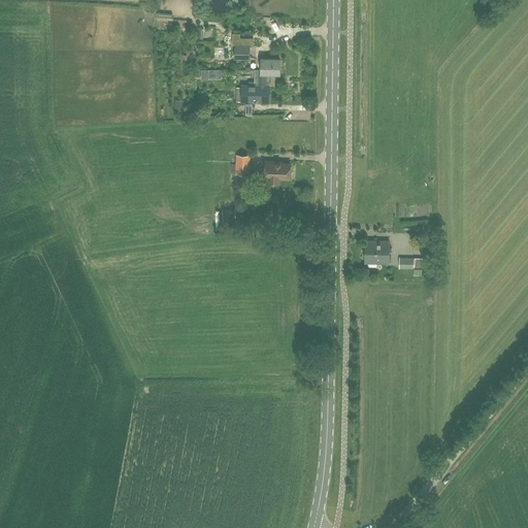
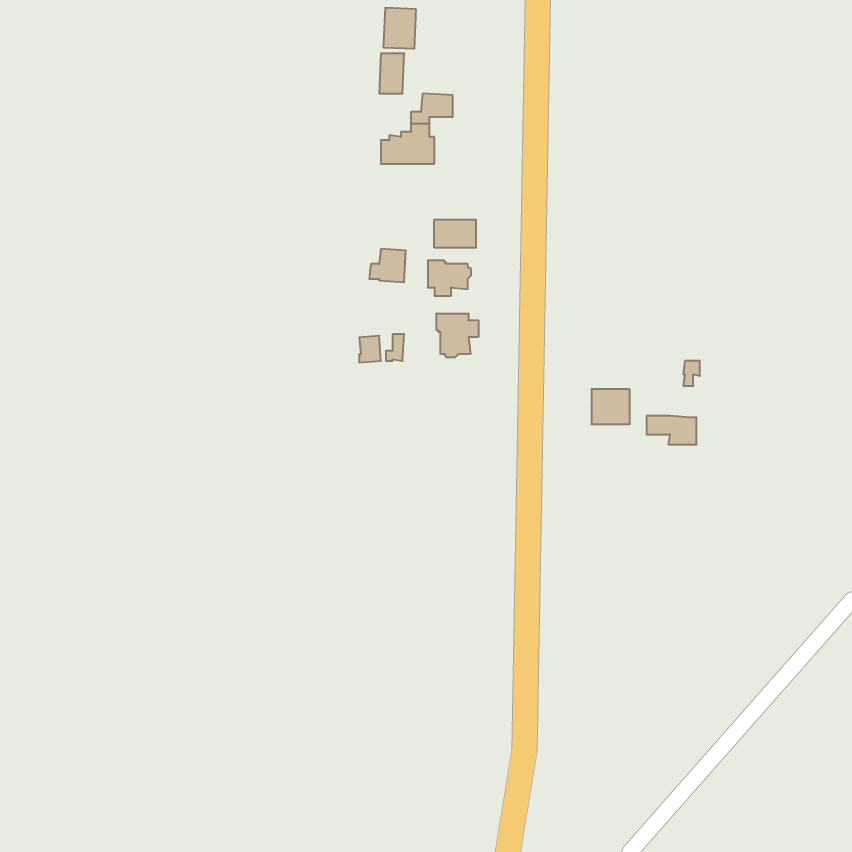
building: none -> [384,8,416,49]
building: none -> [434,220,476,248]
building: none -> [437,313,478,358]

